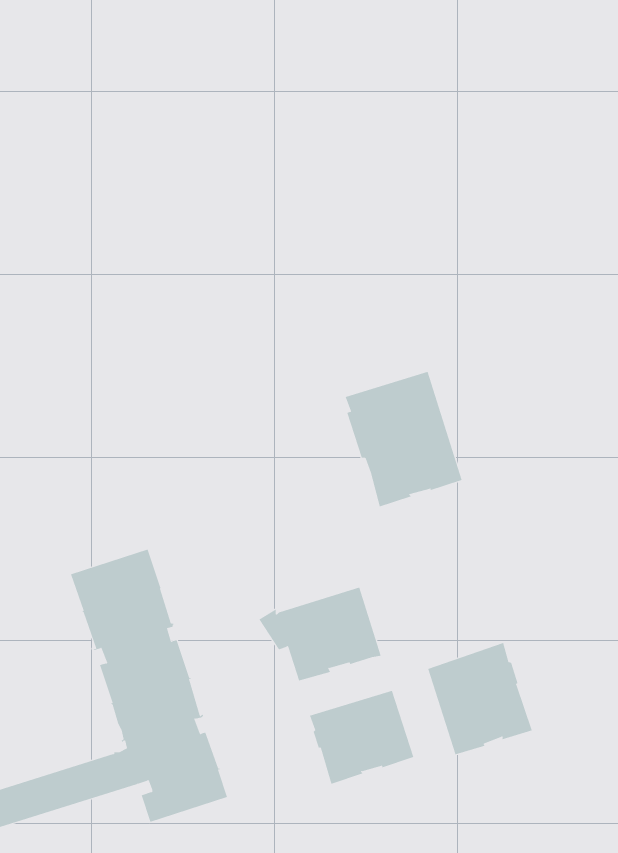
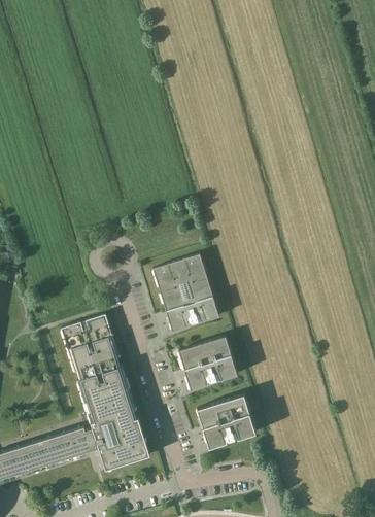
building: [345,371,462,507] -> [151,254,218,332]
building: [427,642,532,755] -> none

